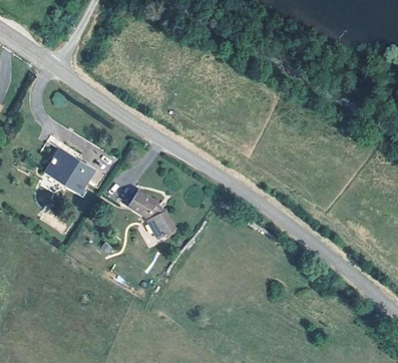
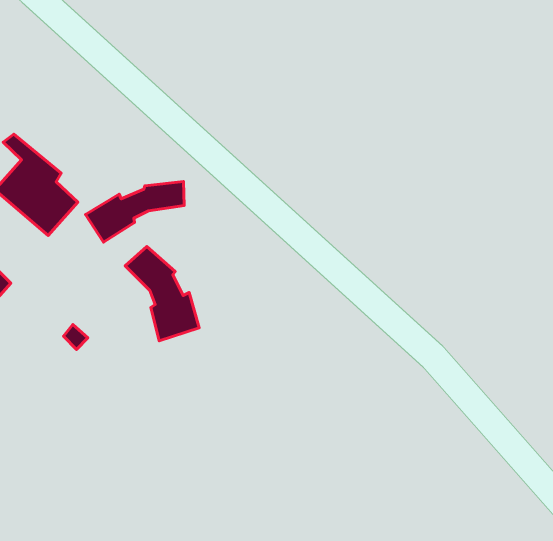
building: none -> [85,181,184,242]

